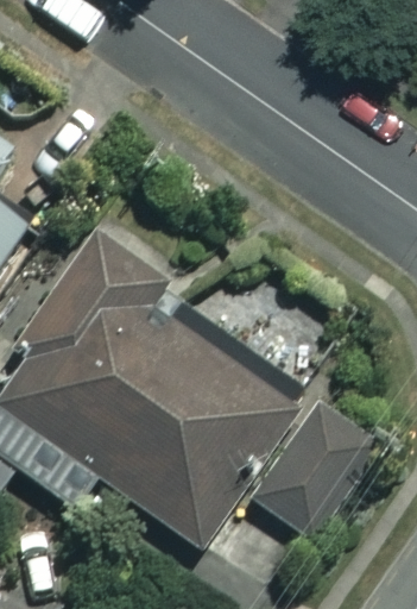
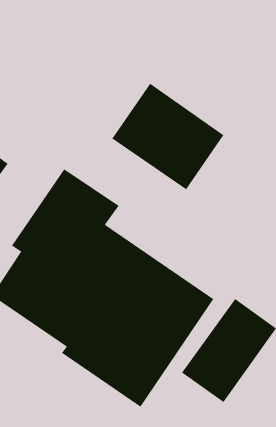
building: none -> [111,83,224,190]

